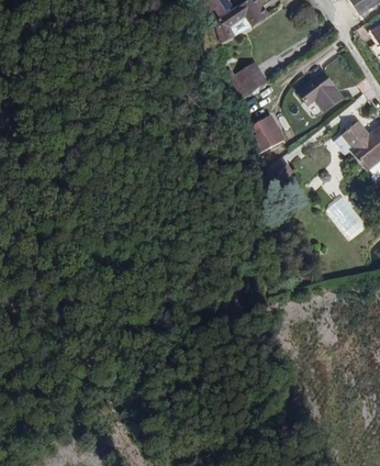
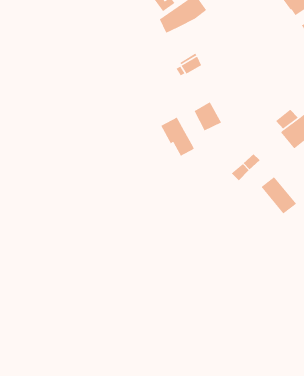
building: [299,73,346,113] -> none
building: none -> [160,117,195,157]

